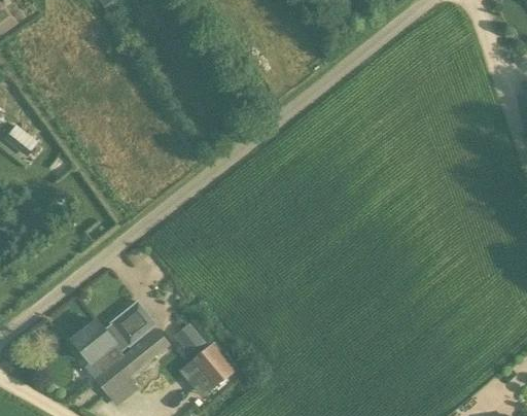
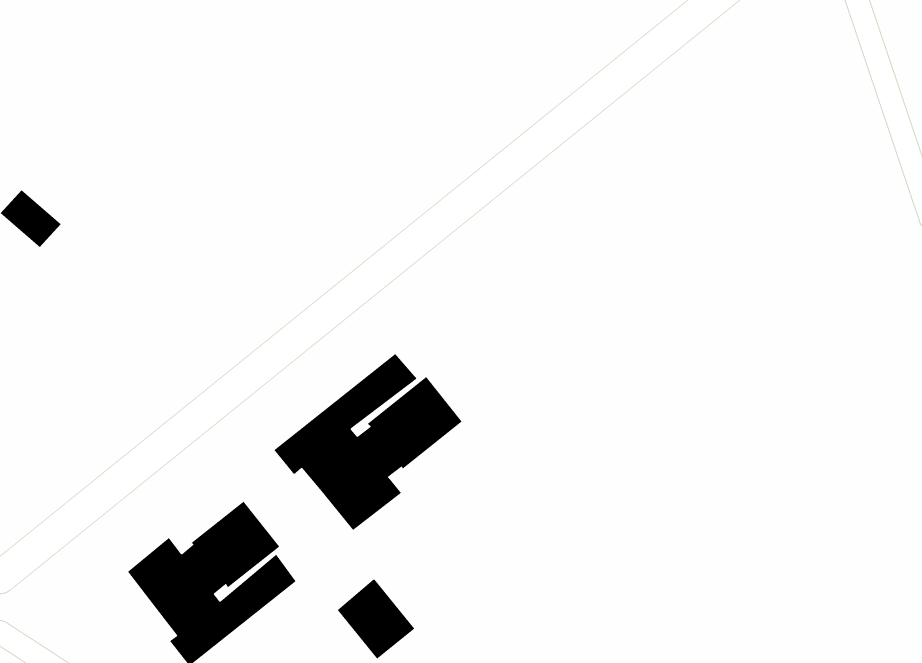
building: none -> [274,353,462,531]
building: [170,322,203,356] -> none

